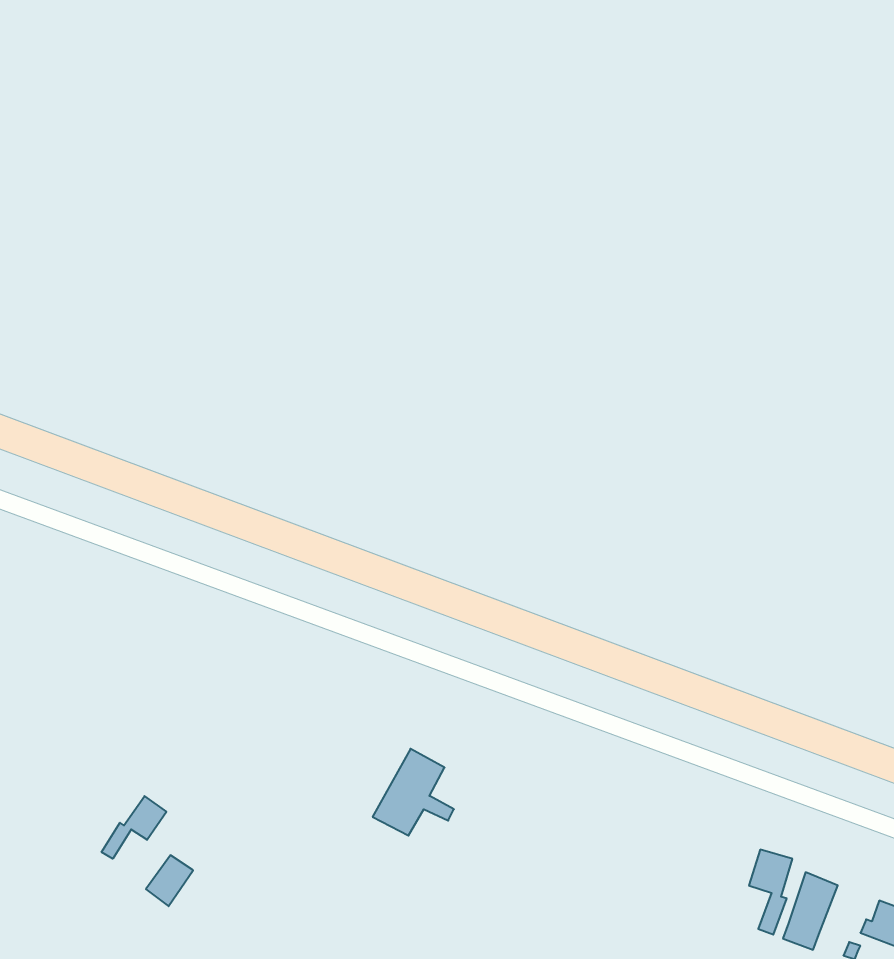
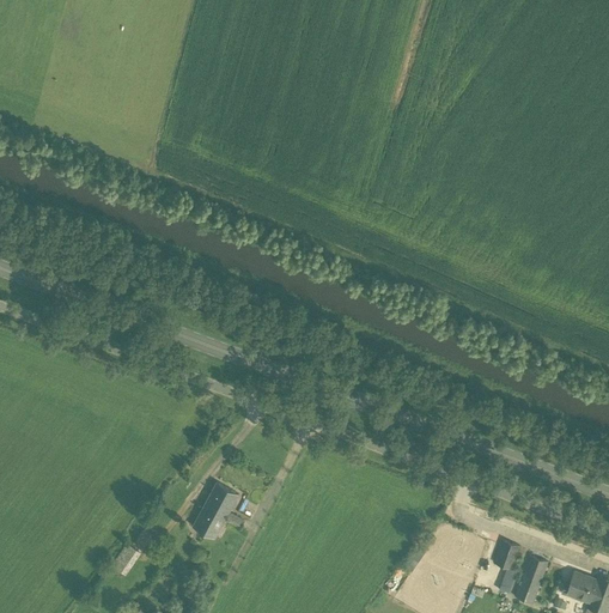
building: [373,749,454,836] -> [193,482,244,538]
building: [102,796,166,859] -> none

